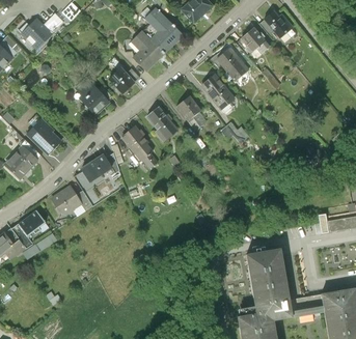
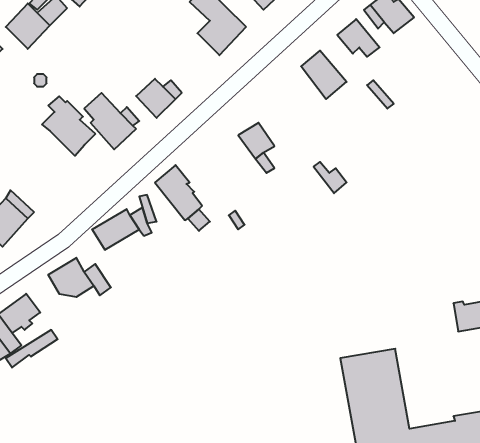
building: [131,30,164,70] -> none
building: [201,76,235,110] -> none
building: [147,108,177,141] -> none
building: [26,116,61,156] -> [42,96,95,156]

